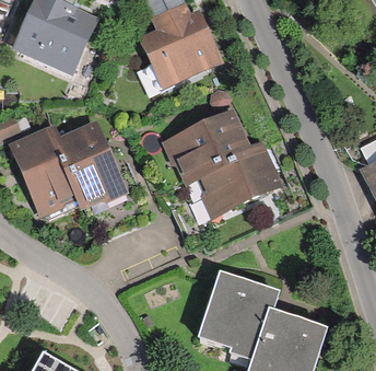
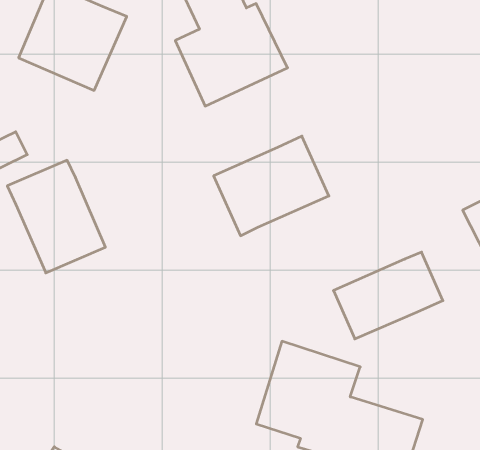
building: [61,126,127,209] -> none
building: [201,151,285,218] -> [333,252,443,339]

